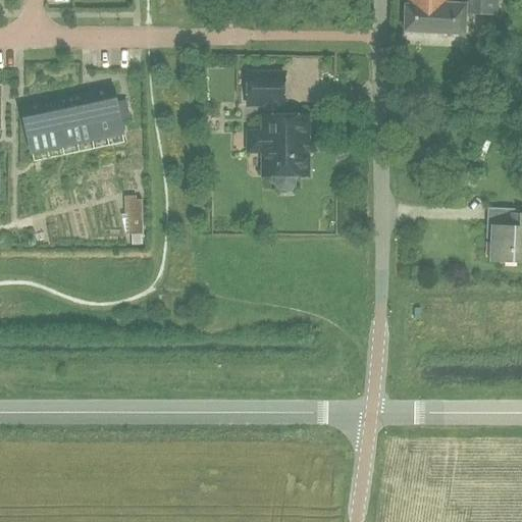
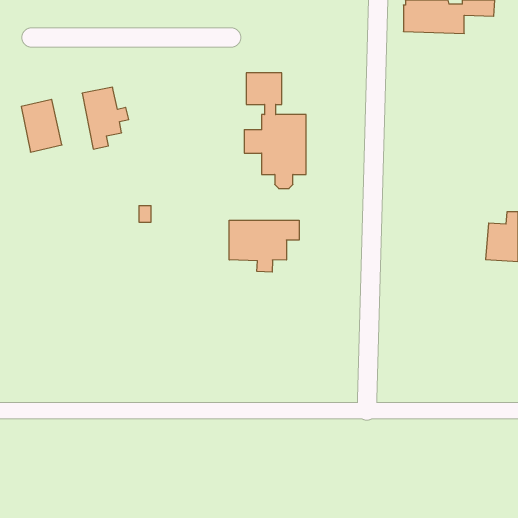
building: [52,94,94,150] -> none
building: none -> [229,220,299,272]

